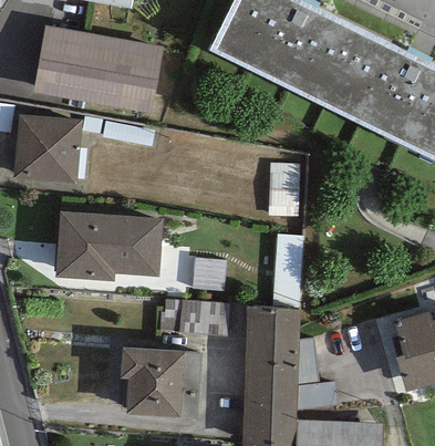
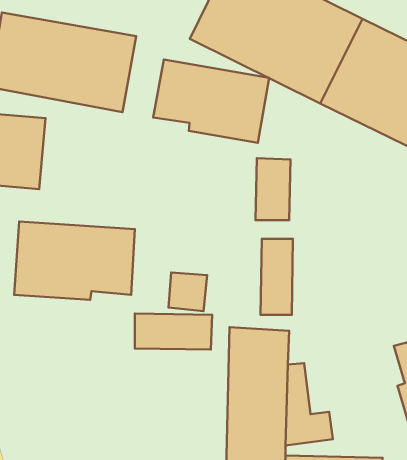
building: none -> [153,60,269,143]
building: [120,348,200,417] -> none

